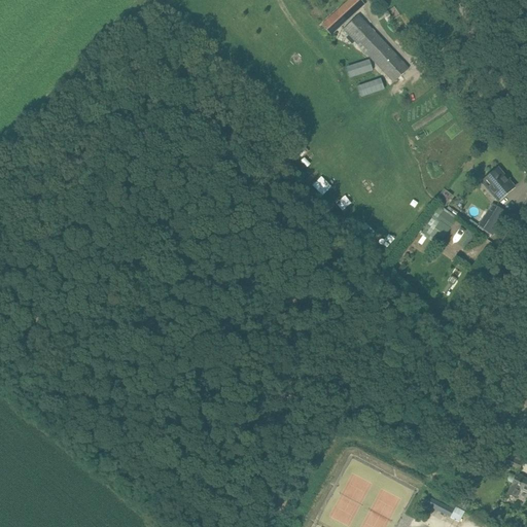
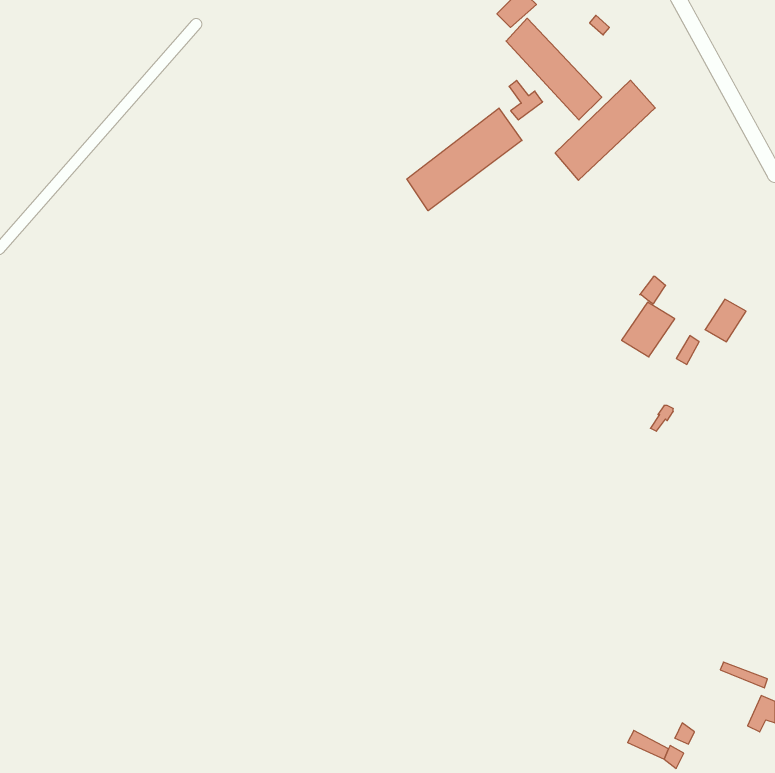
building: none -> [555,80,655,180]
building: none -> [407,108,522,211]
building: [481,166,514,199] -> none

